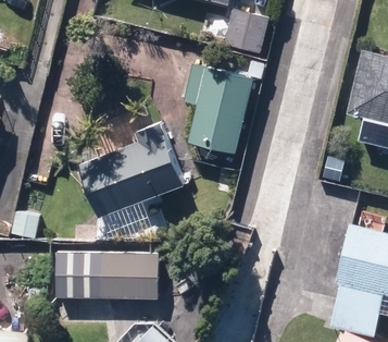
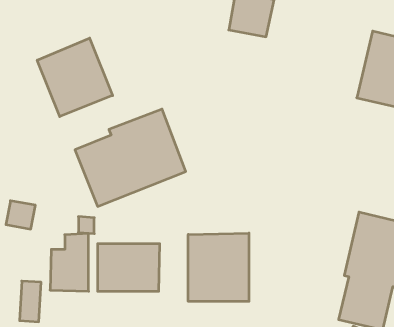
building: none -> [37,38,113,117]
building: [184,63,253,154] -> none
building: none -> [188,233,249,301]

